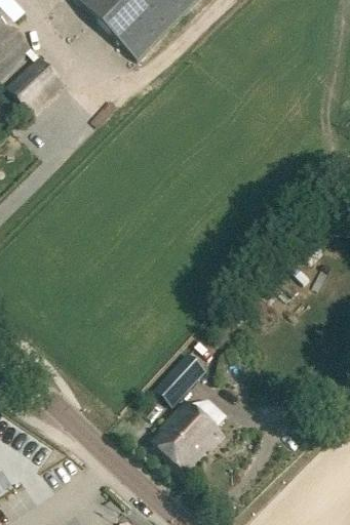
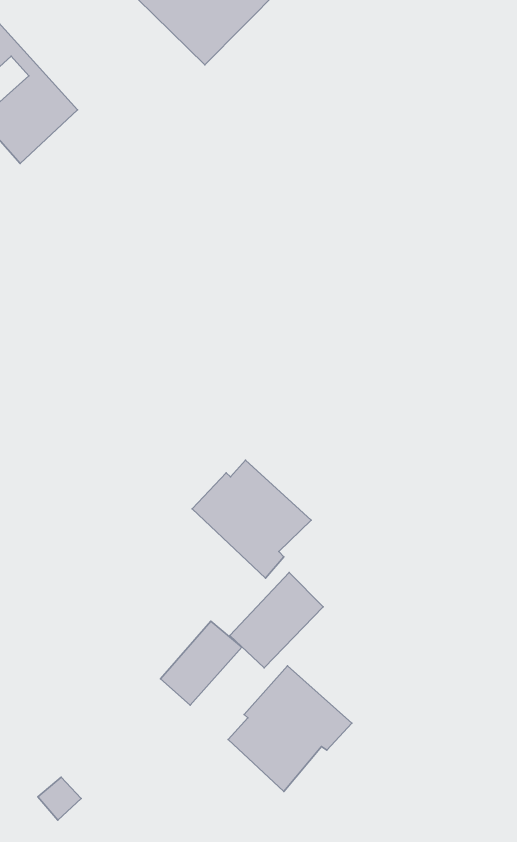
building: none -> [192,460,311,578]
building: none -> [161,621,242,705]

